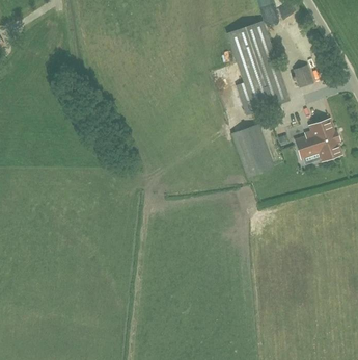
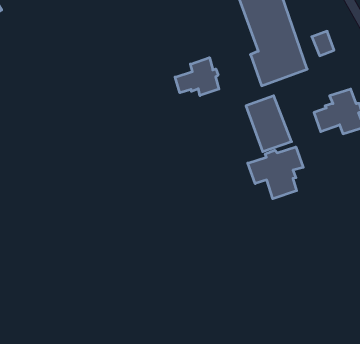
building: none -> [175,58,219,96]
building: none -> [248,147,303,199]

